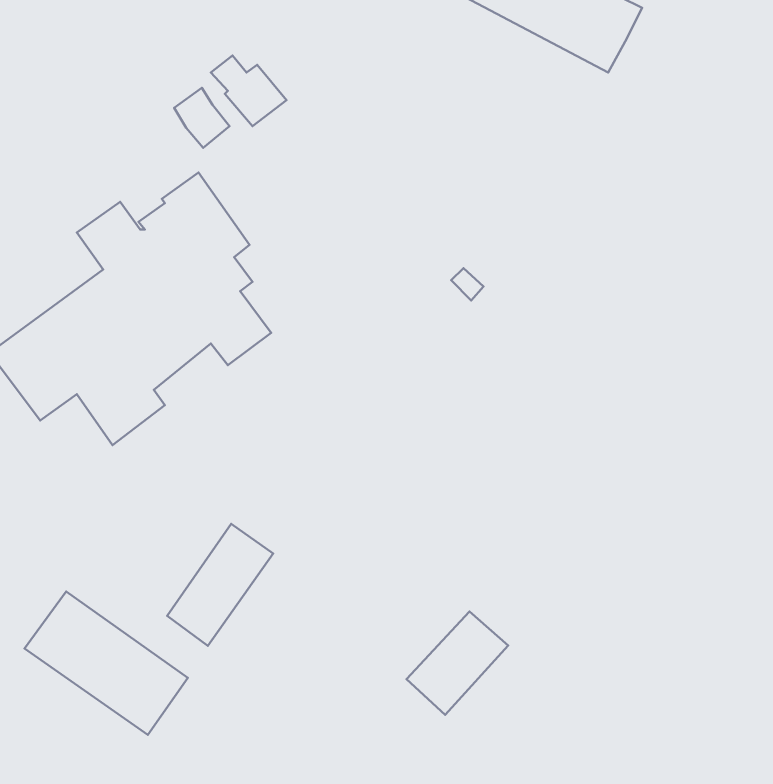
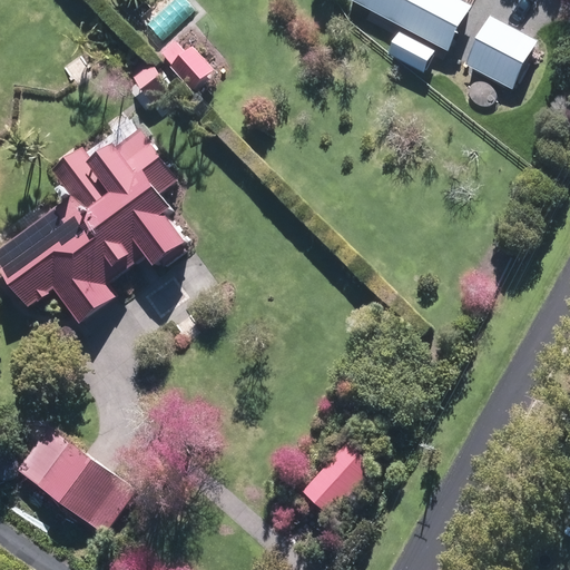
building: none -> [456,16,530,90]
building: [167,524,273,646] -> none

